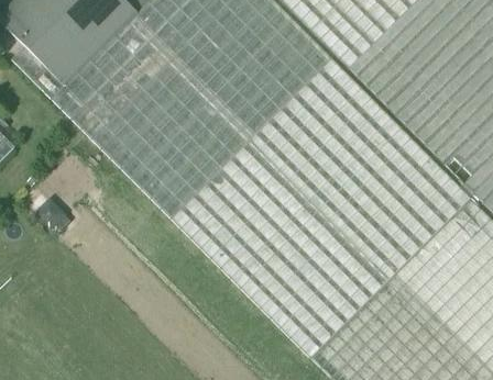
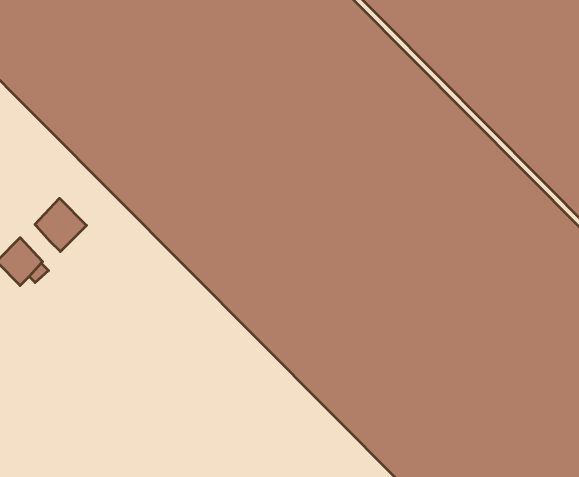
building: none -> [35,198,87,252]

